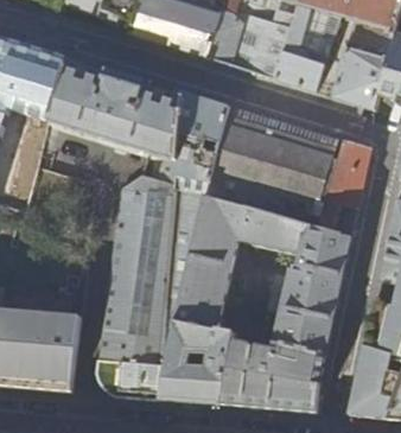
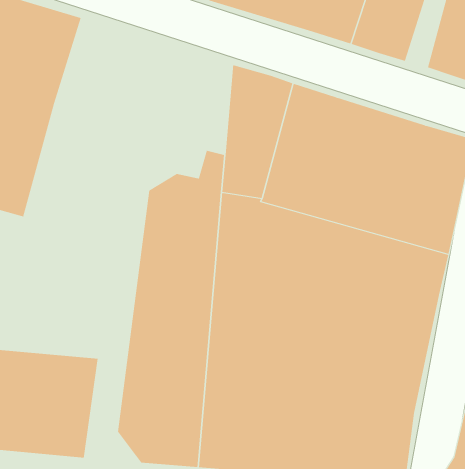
building: [51,55,186,159] -> none

